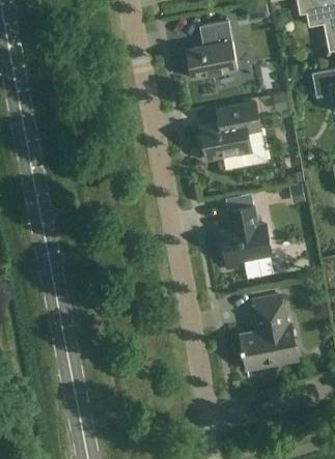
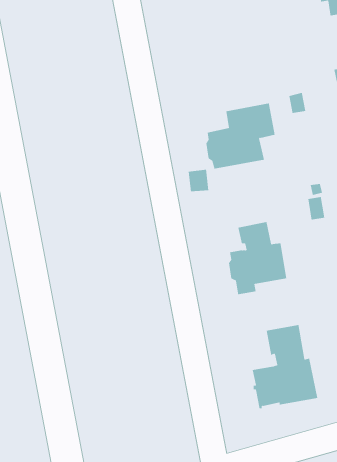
building: [185,21,238,78] -> none

